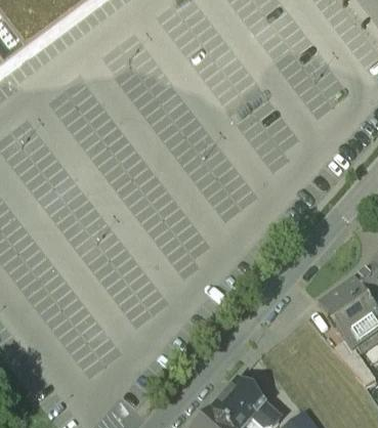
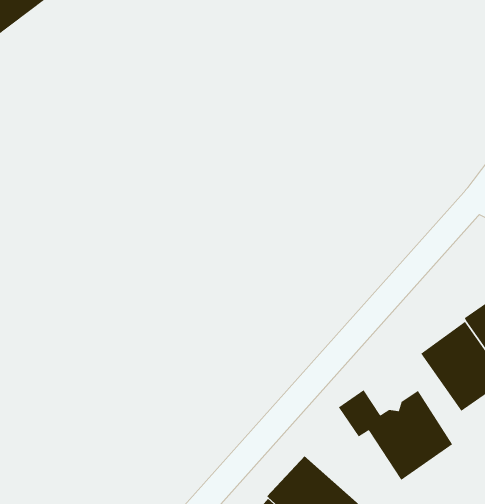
building: none -> [338,389,453,481]

